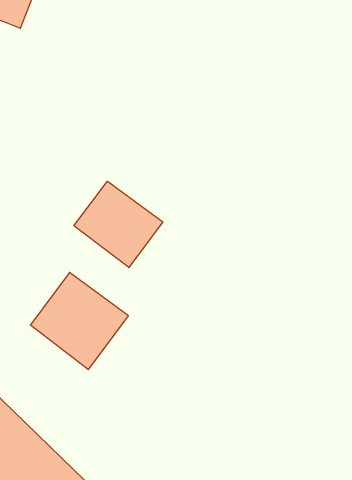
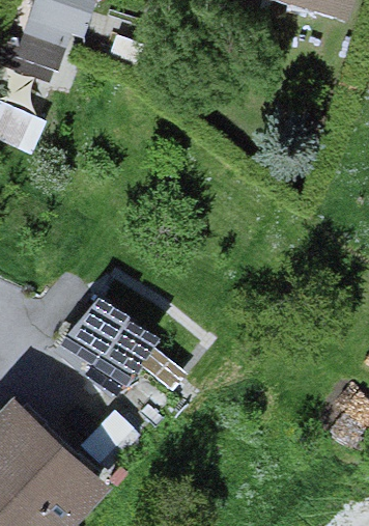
building: [74,181,163,268] -> none

